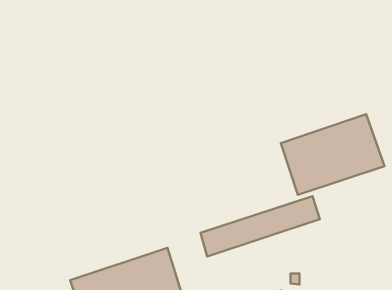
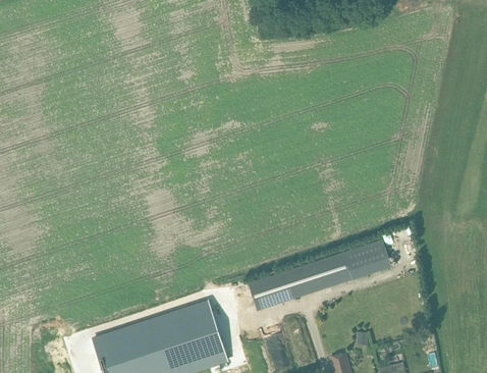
building: [281,114,384,195] -> none

